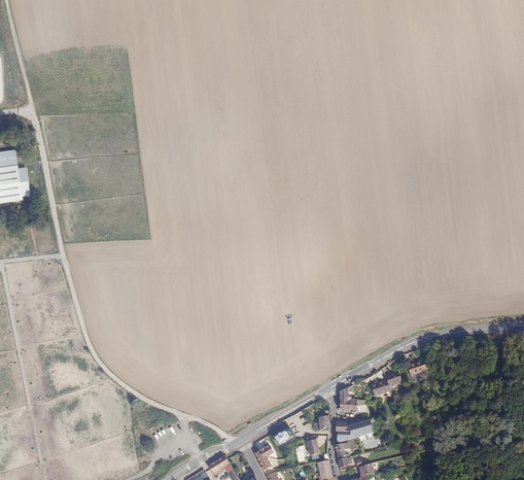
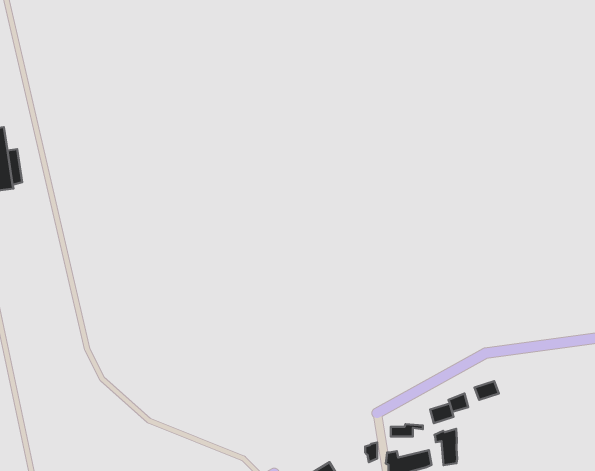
building: none -> [434,429,457,465]

